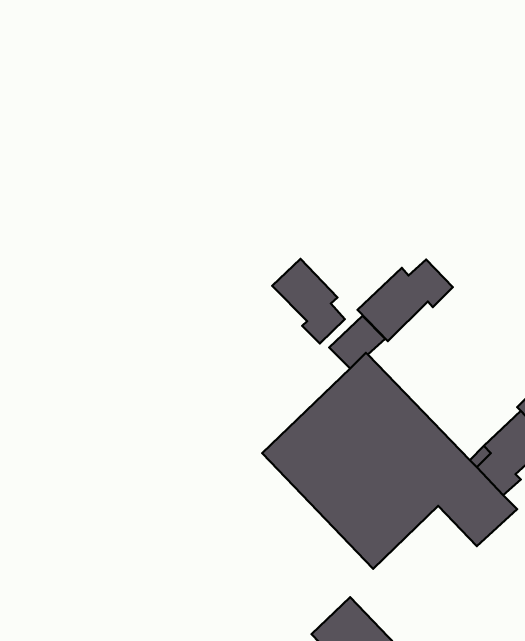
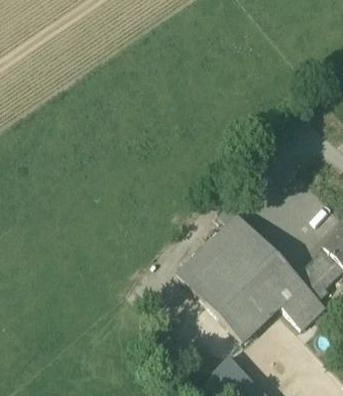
building: [272,259,345,343] -> none
building: [358,259,453,341] -> none

